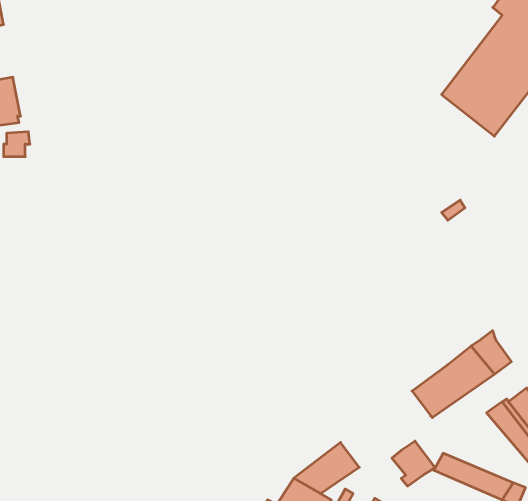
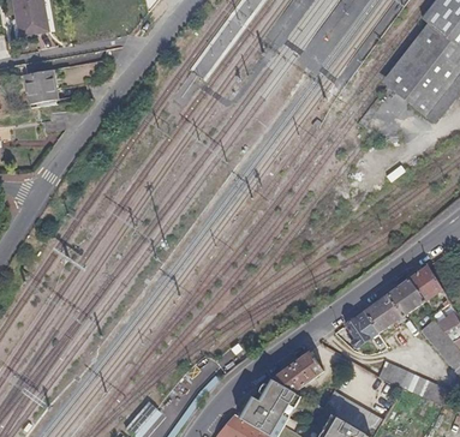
building: [392,441,435,486] -> [346,313,380,348]

